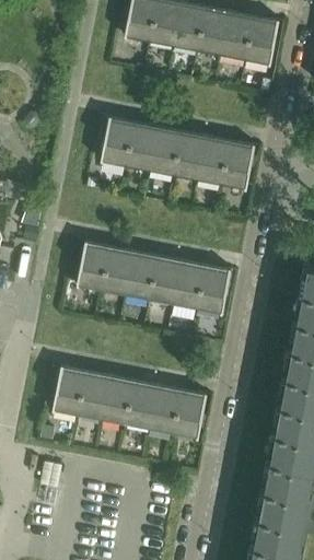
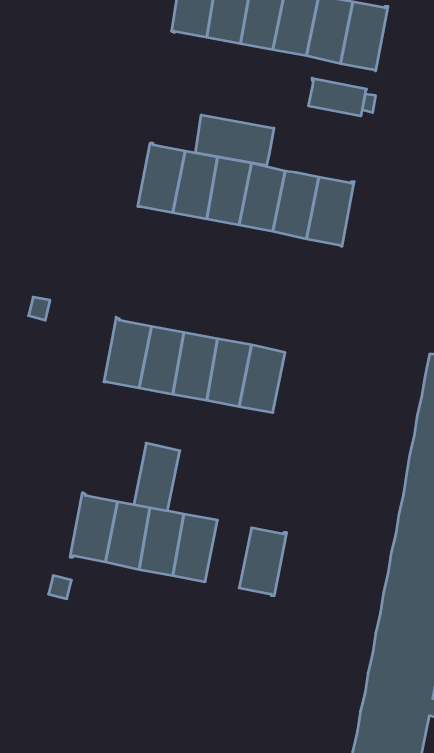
building: none -> [309,78,367,116]
building: none -> [195,115,274,166]
building: [196,266,230,315] -> none
building: [148,385,181,433] -> [134,443,180,511]

